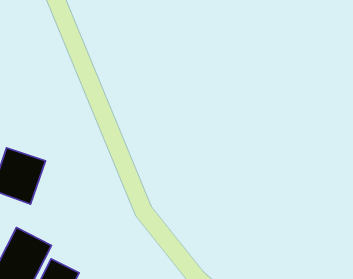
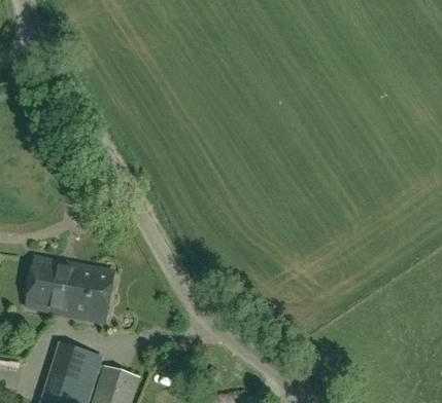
building: none -> [72,264,113,321]

